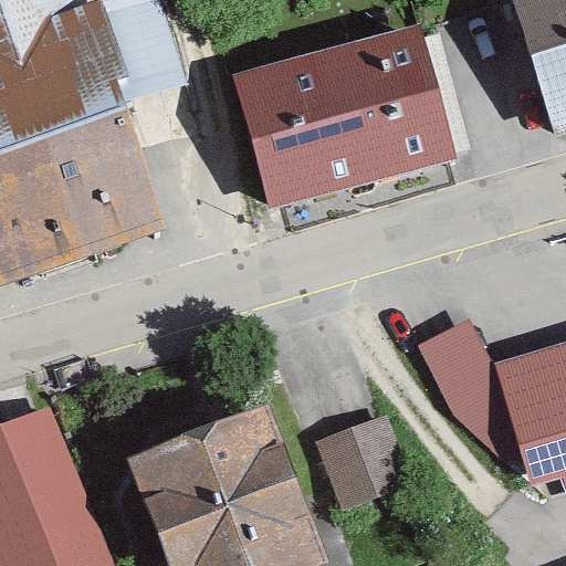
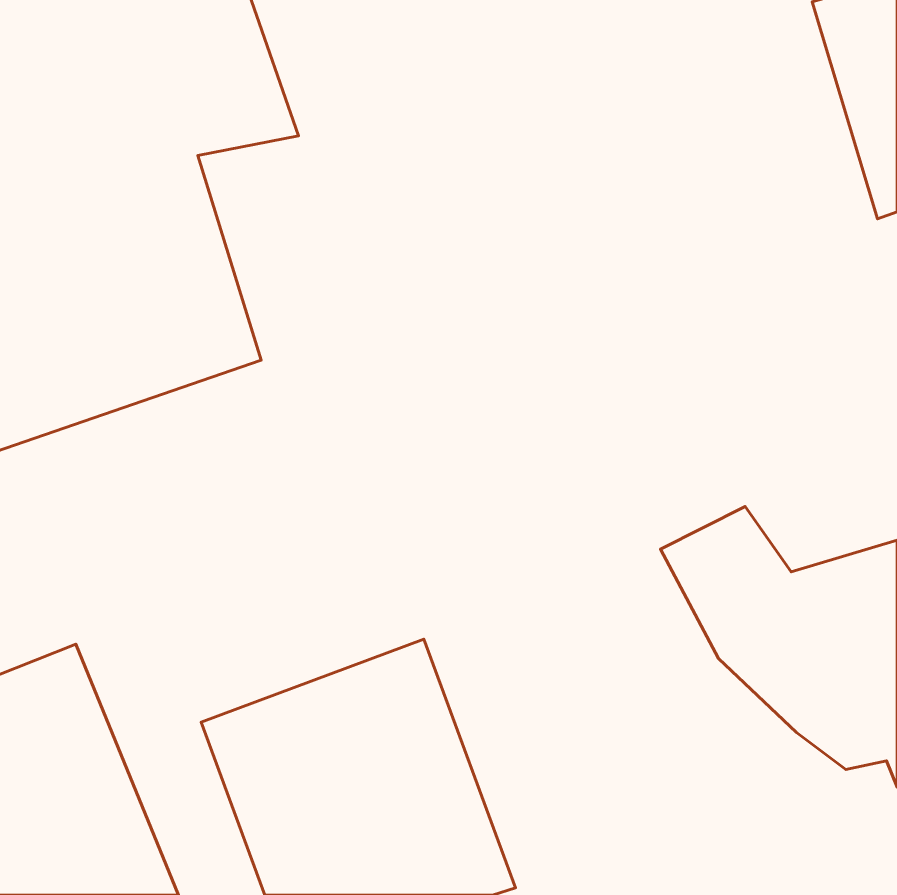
building: [244,39,468,207] -> none
building: [313,417,408,513] -> none

